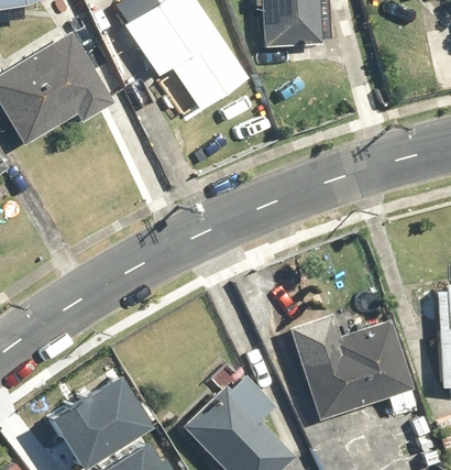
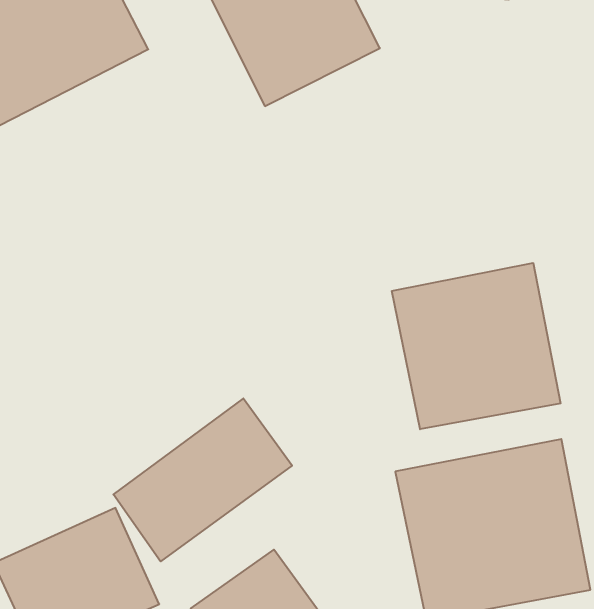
building: none -> [392,263,561,429]
building: none -> [113,398,292,561]

